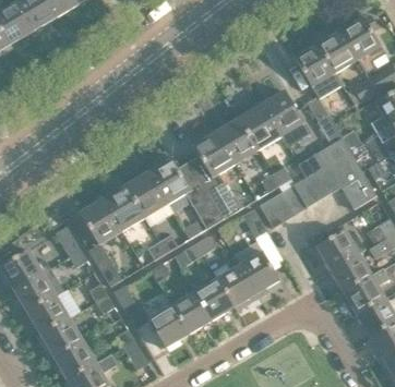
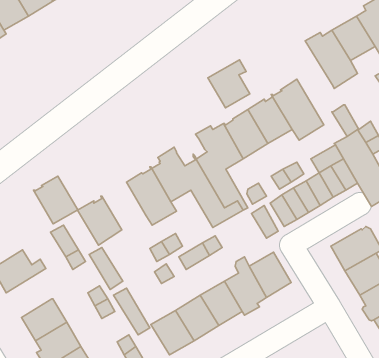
building: none -> [208,60,250,108]
building: [103,185,144,230] -> [33,176,78,224]
building: [13,266,64,312] -> none

